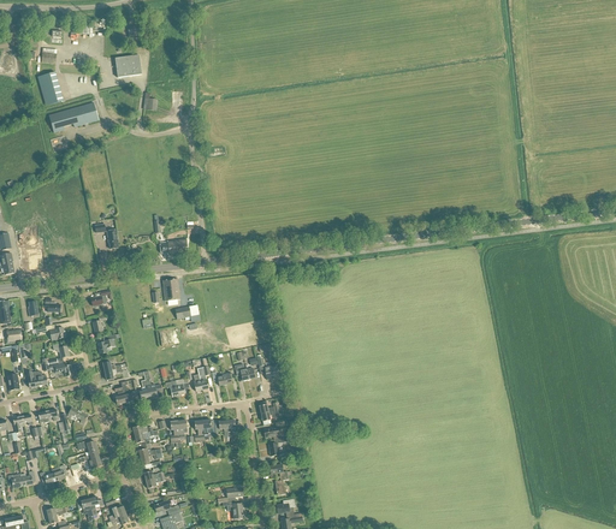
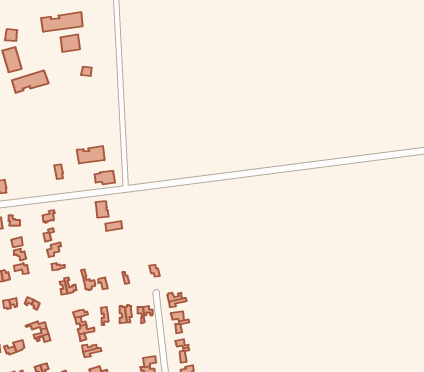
building: none -> [41,12,82,32]
building: none -> [77,146,104,164]

